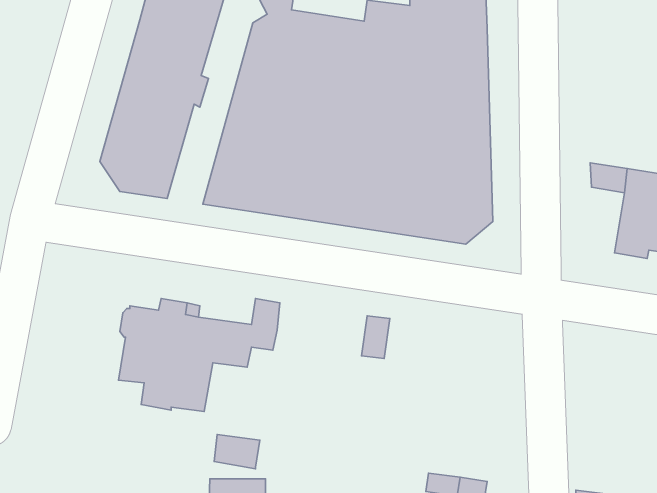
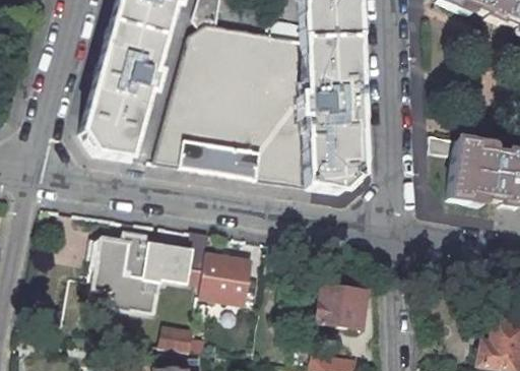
building: none -> [200,254,252,304]
building: none -> [317,286,367,328]

